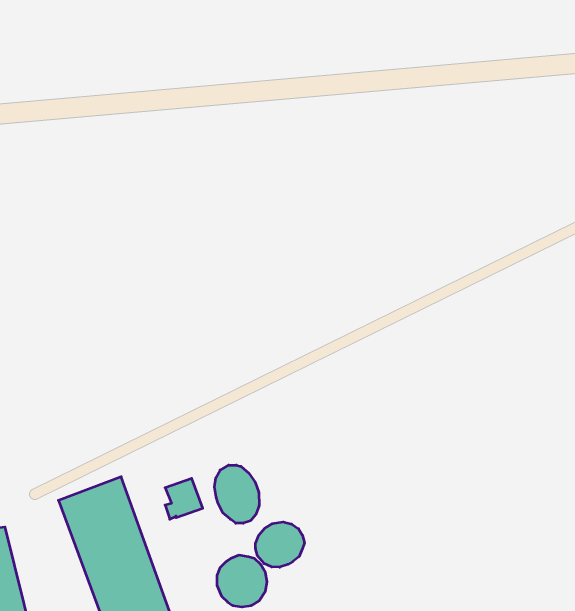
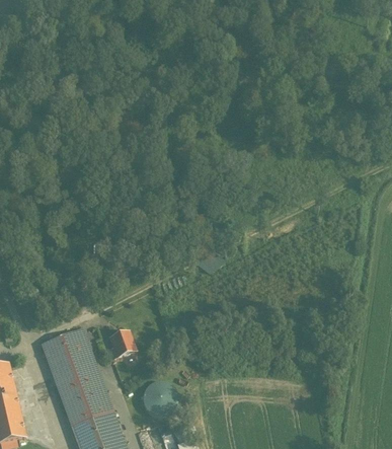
building: [214,465,259,523] -> none
building: [255,522,304,567] -> none

